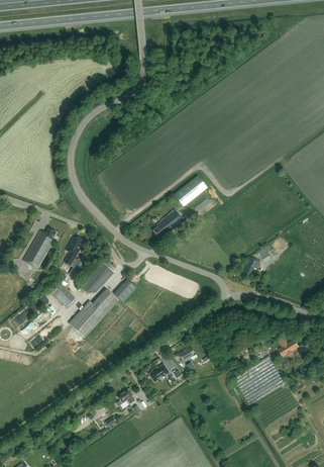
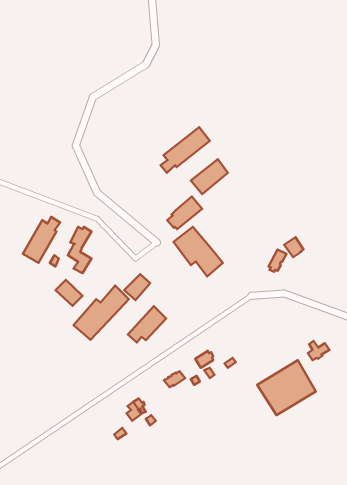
building: none -> [160,127,210,173]
building: none -> [174,227,223,277]
building: [80,261,114,293] -> [128,306,166,342]

